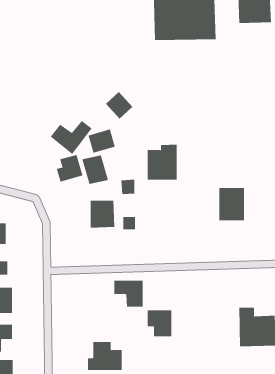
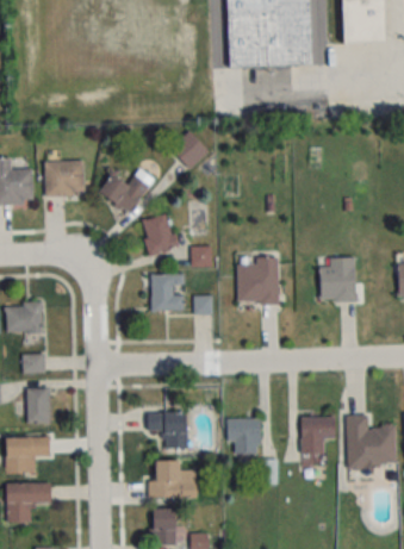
building: none -> [44,161,83,195]
building: [88,129,116,154] -> none
building: [147,144,178,180] -> [236,256,276,304]
building: [56,154,83,182] -> none
building: [114,280,144,307] -> [147,412,186,448]
building: none -> [300,416,334,464]

